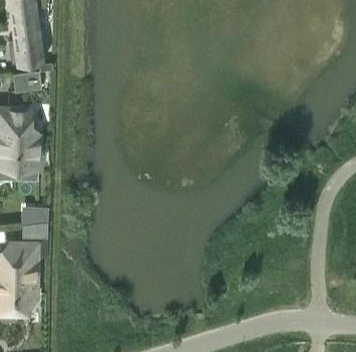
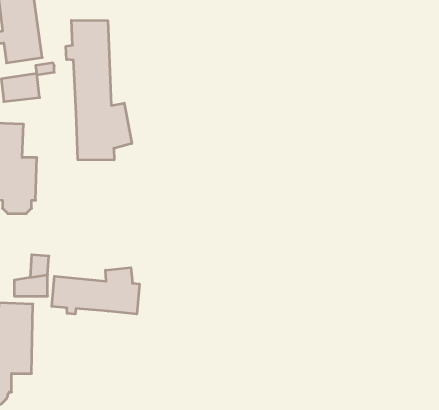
building: none -> [66,20,132,160]
building: none -> [52,268,139,314]

